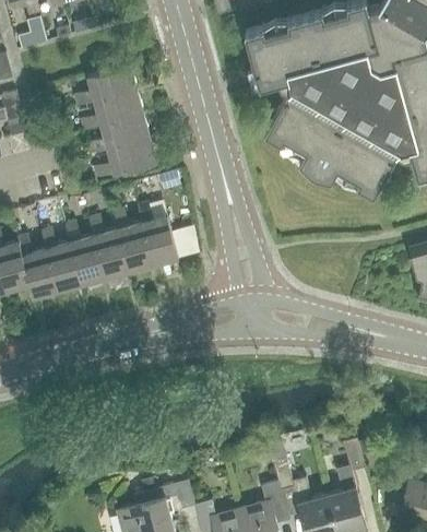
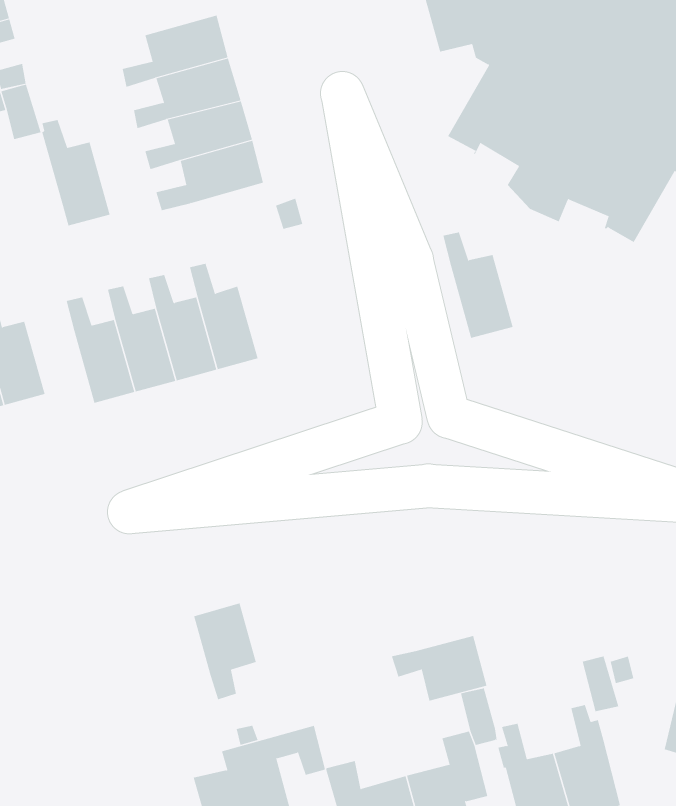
building: [138,202,179,264] -> [443,232,514,338]
building: [17,235,58,297] -> [42,119,111,226]
building: none -> [193,603,257,700]
building: none -> [391,635,487,701]

